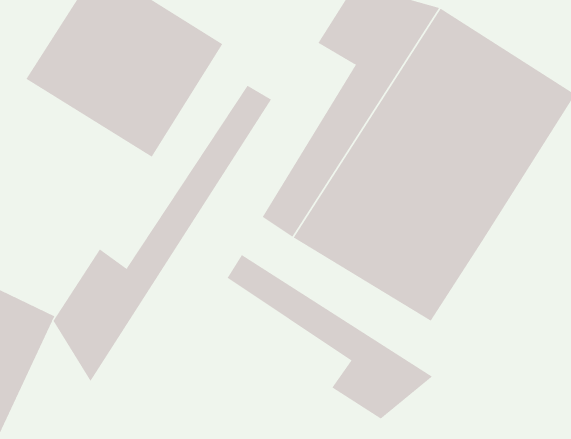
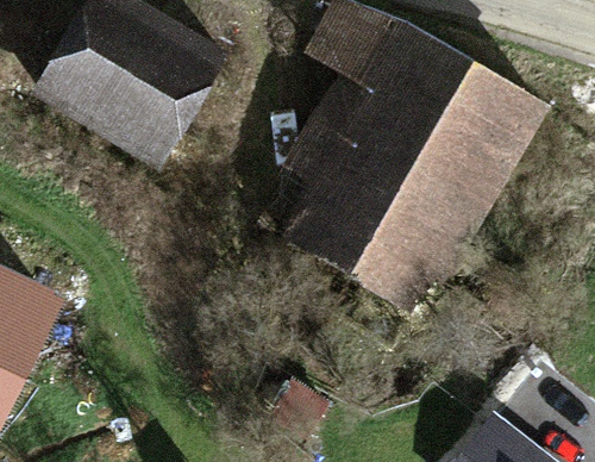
building: [53,85,272,382] -> none
building: [227,254,433,420] -> none

